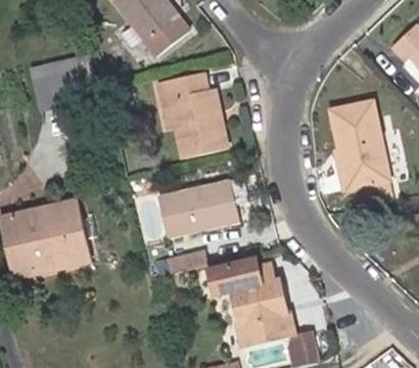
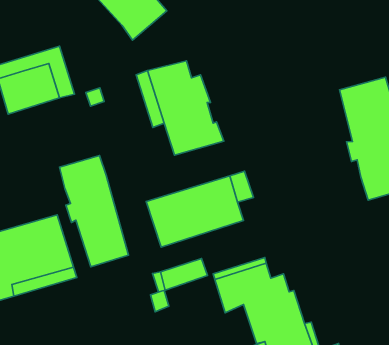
building: none -> [60,156,129,267]

